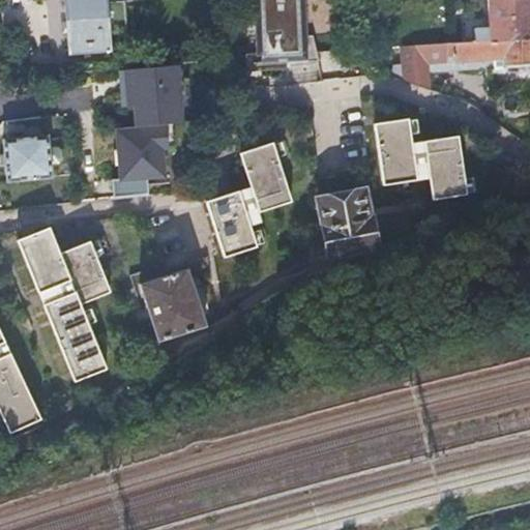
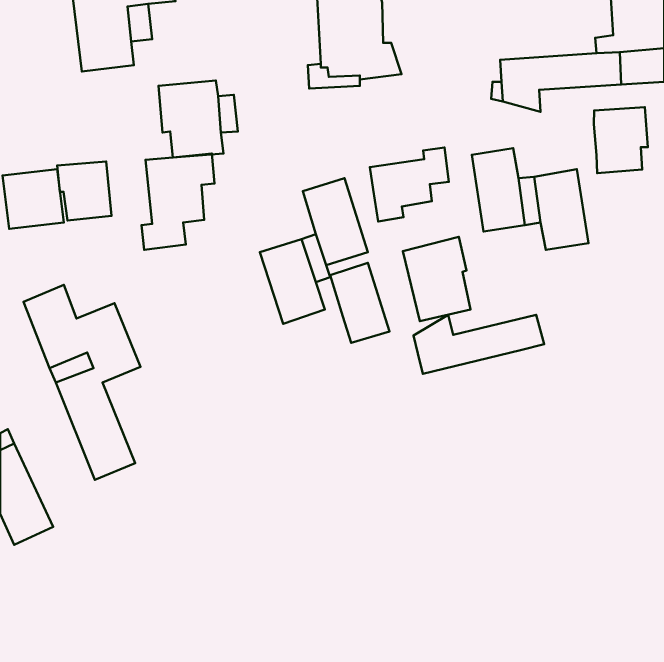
building: none -> [594,107,648,173]
building: none -> [370,147,449,221]
building: none -> [57,161,112,221]
building: none -> [330,263,389,343]
building: none -> [414,315,544,374]
building: [140,267,200,342] -> none

